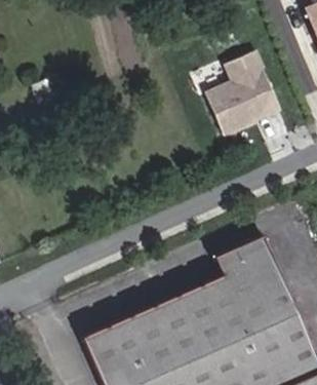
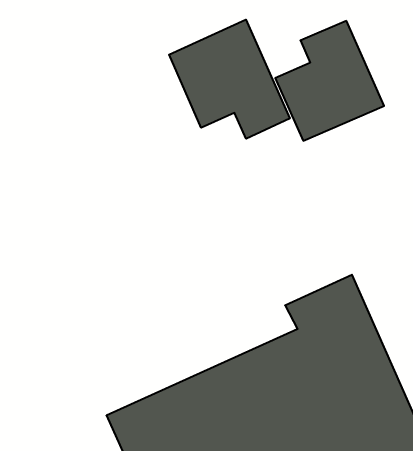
building: none -> [169,20,290,139]

